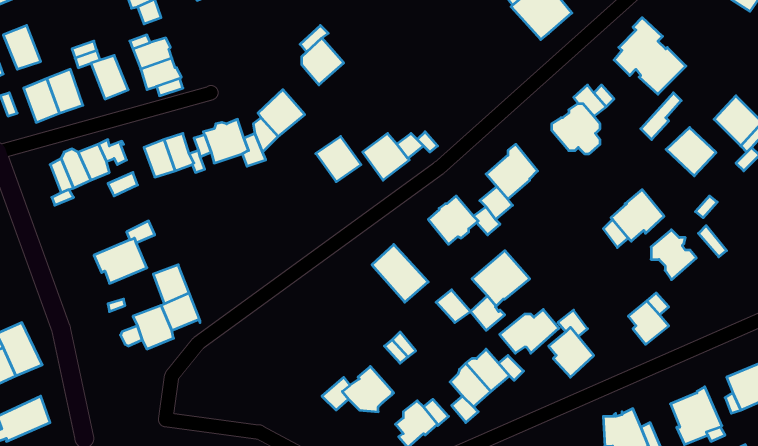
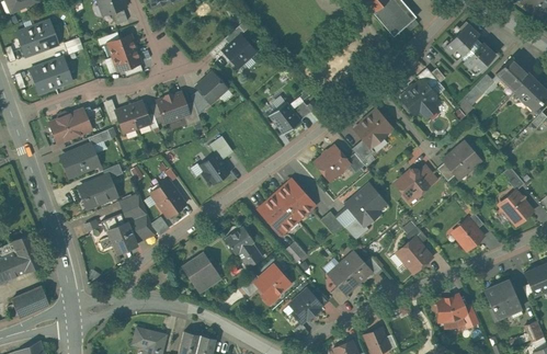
building: [91,55,128,99] -> [33,21,59,52]
building: [666,127,716,176] -> [495,58,531,92]
building: [316,136,361,182] -> [198,153,230,185]
building: none -> [62,144,98,176]
building: [651,230,696,280] -> [501,191,533,226]
building: none -> [151,181,185,217]
building: none -> [259,194,298,235]
building: [500,309,559,353] -> [395,165,436,196]
building: none -> [225,227,263,269]
building: none -> [182,253,221,294]

